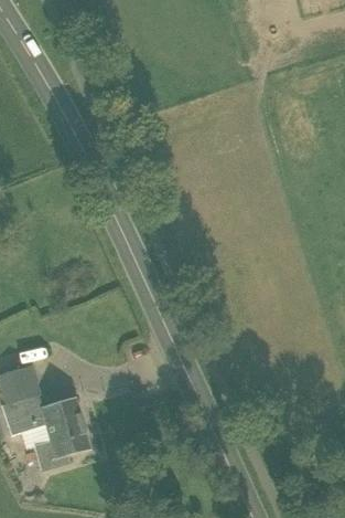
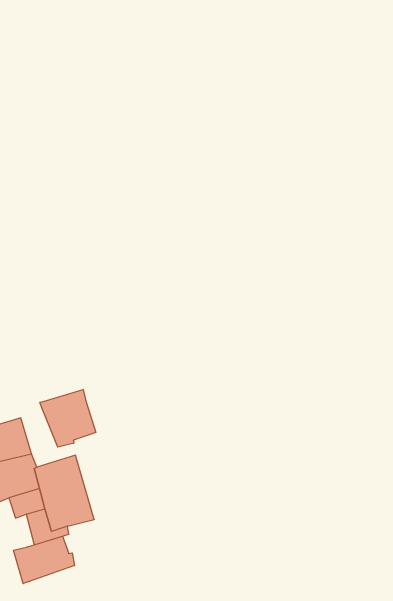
building: none -> [40,389,96,447]
building: none -> [14,536,75,584]

